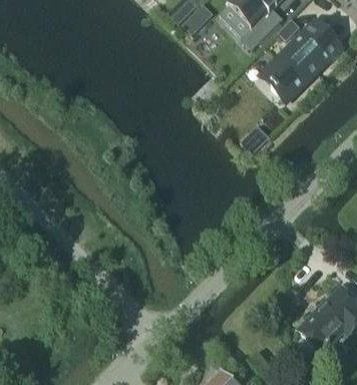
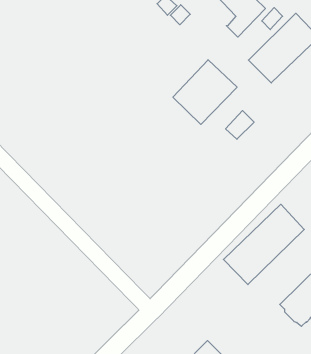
building: none -> [173,60,237,124]
building: none -> [223,204,304,285]

